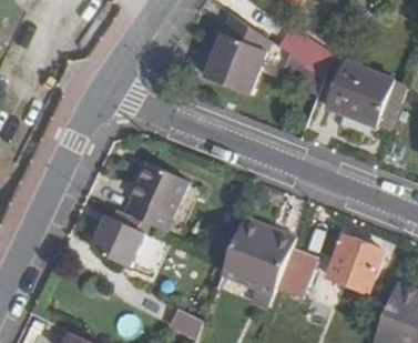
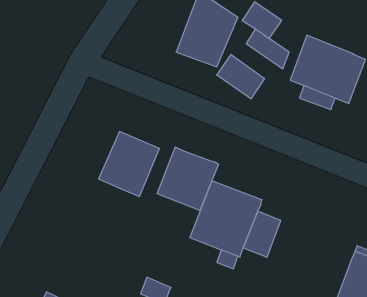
building: none -> [217,55,264,99]
building: none -> [157,147,218,210]
building: [92,209,147,265] -> none
building: [326,235,384,292] -> none

